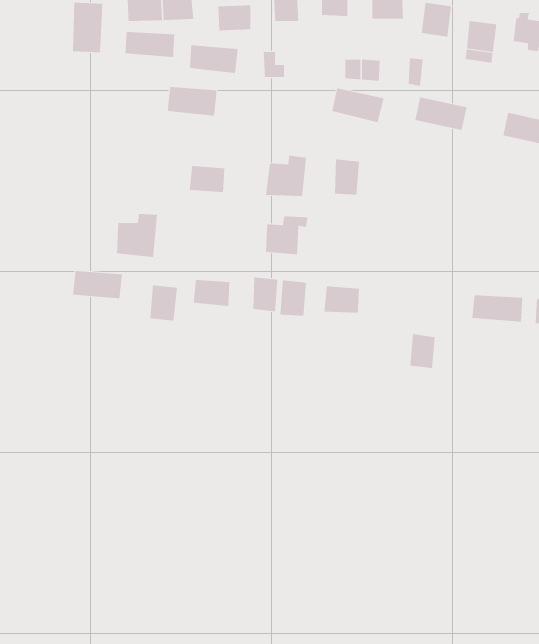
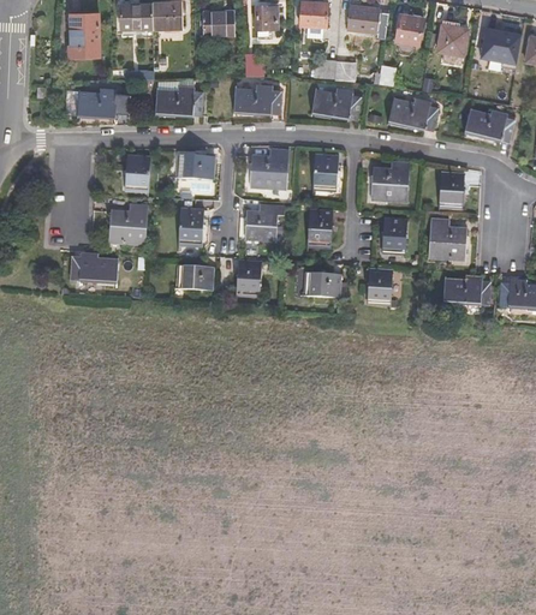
building: [124,32,175,58] -> [79,89,126,113]
building: [189,45,238,73] -> [236,85,281,112]
building: none -> [124,157,149,191]
building: none -> [367,163,405,202]
building: none -> [437,175,461,209]
building: none -> [381,217,406,251]
building: none -> [424,221,463,262]
building: [280,280,307,316] -> [306,211,332,245]
building: [149,285,178,321] -> [178,208,204,241]
building: [409,333,435,368] -> [365,270,389,303]

